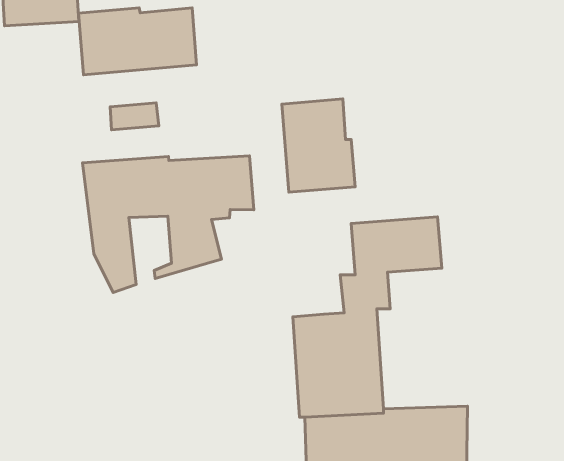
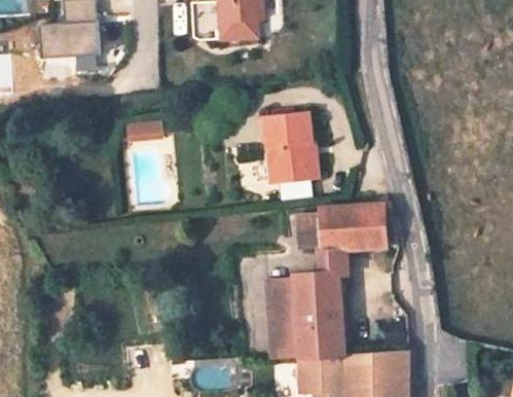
building: [78,8,196,75] -> none
building: [83,156,254,292] -> none

